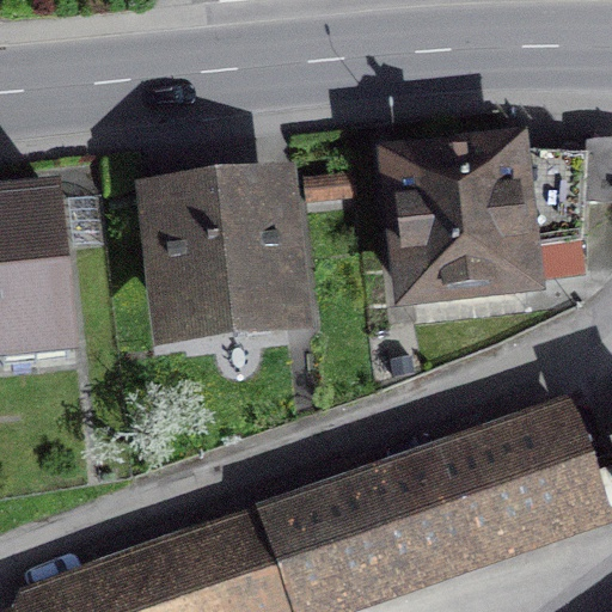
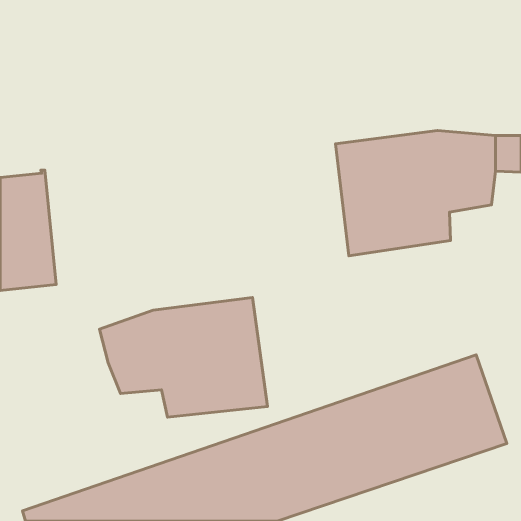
building: [164,195,300,333] -> none
building: none -> [100,298,267,417]

